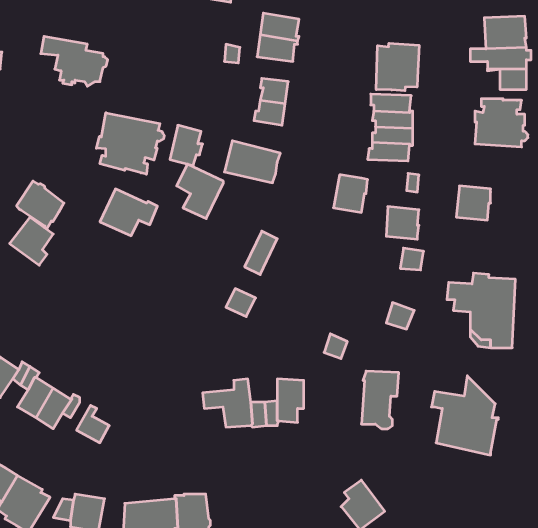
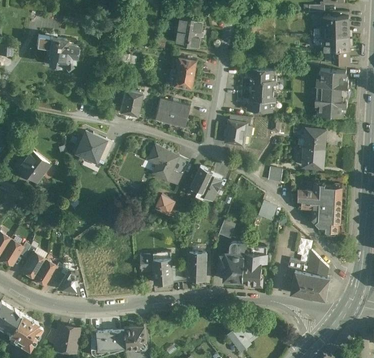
building: [376,43,419,91] -> none
building: [96,113,164,174] -> none
building: none -> [314,101,346,118]
building: [177,164,223,219] -> [148,145,178,180]
building: [17,181,64,229] -> none
building: [386,207,419,239] -> [302,148,323,169]
building: none -> [190,166,221,199]
building: none -> [219,242,247,283]

